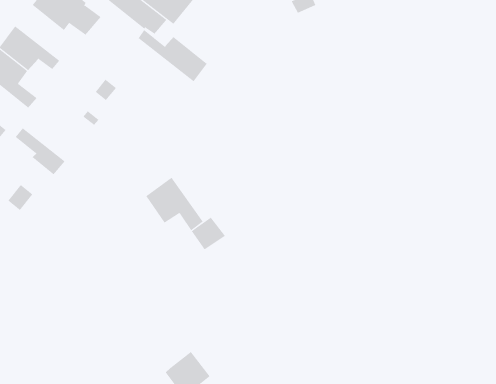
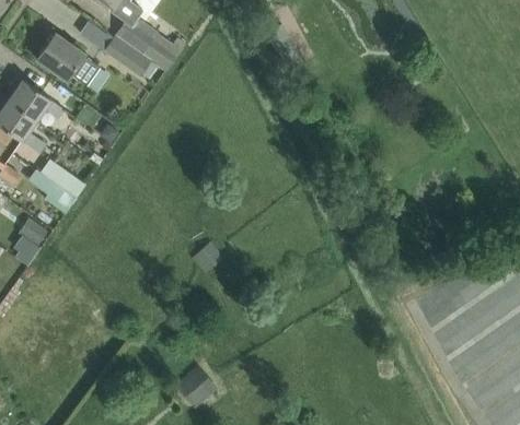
building: [138,29,207,82] -> none
building: none -> [34,165,84,200]
building: [145,177,204,231] -> none

